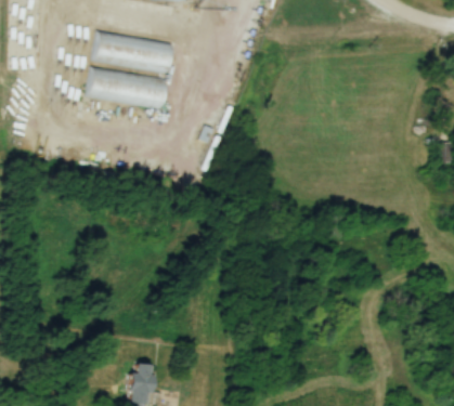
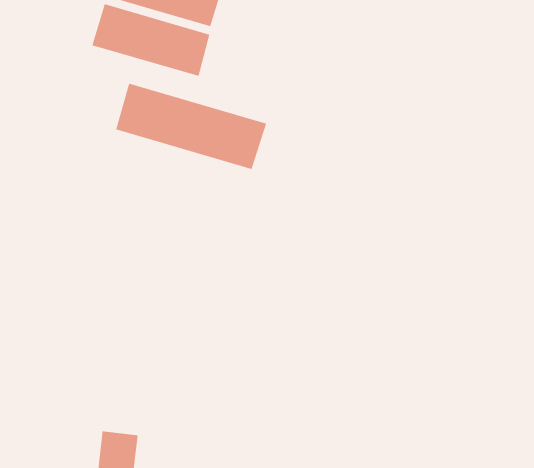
building: none -> [116,83,267,170]

